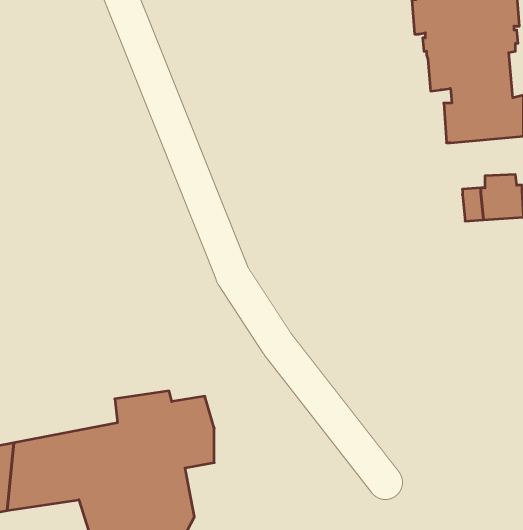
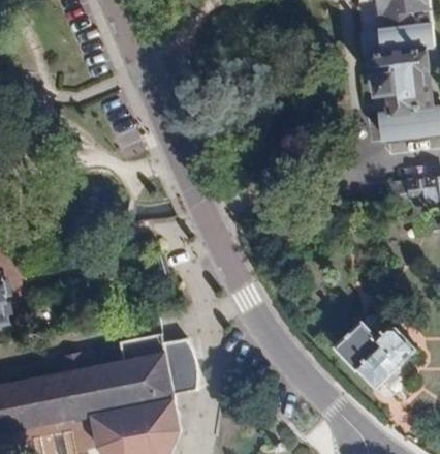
building: none -> [335,321,419,389]

